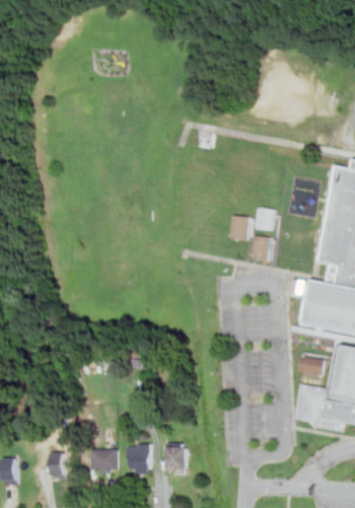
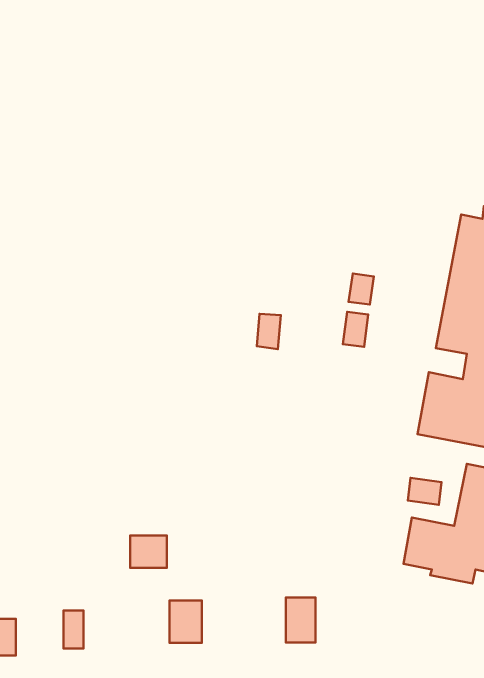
building: [229,215,246,240] -> [257,314,281,349]
building: [162,441,184,474] -> [286,598,315,643]
building: [88,448,115,471] -> [130,536,167,568]

